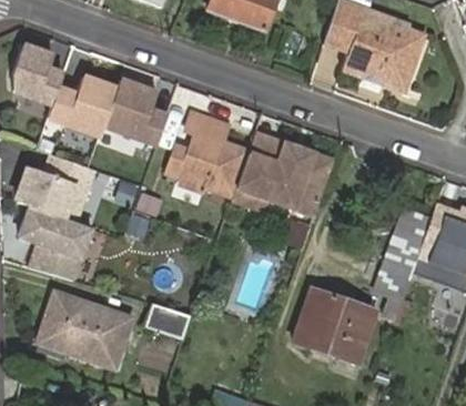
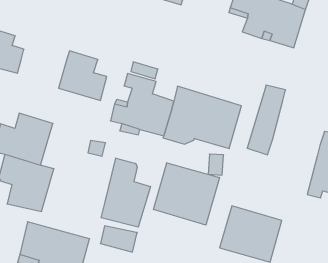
building: [45,74,115,134] -> none
building: [376,210,429,298] -> [247,85,286,155]
building: none -> [101,158,150,227]
building: none -> [154,163,219,225]

